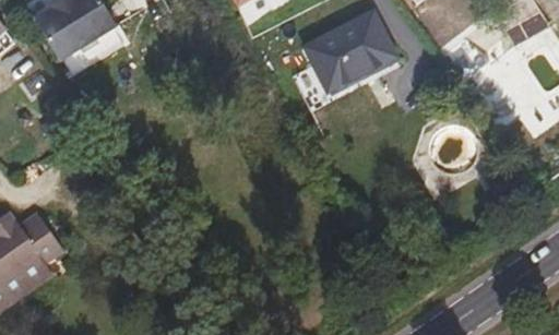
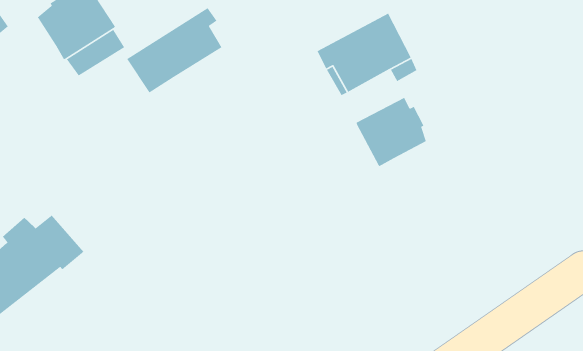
building: none -> [126,7,222,93]
building: none -> [356,97,427,167]

